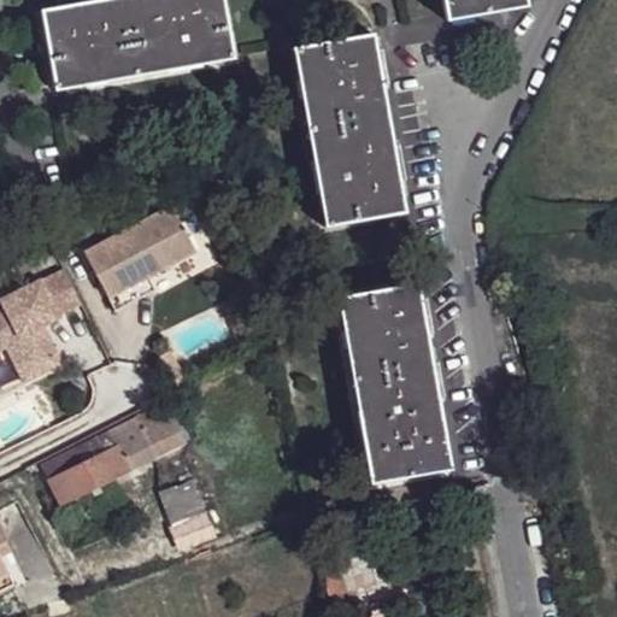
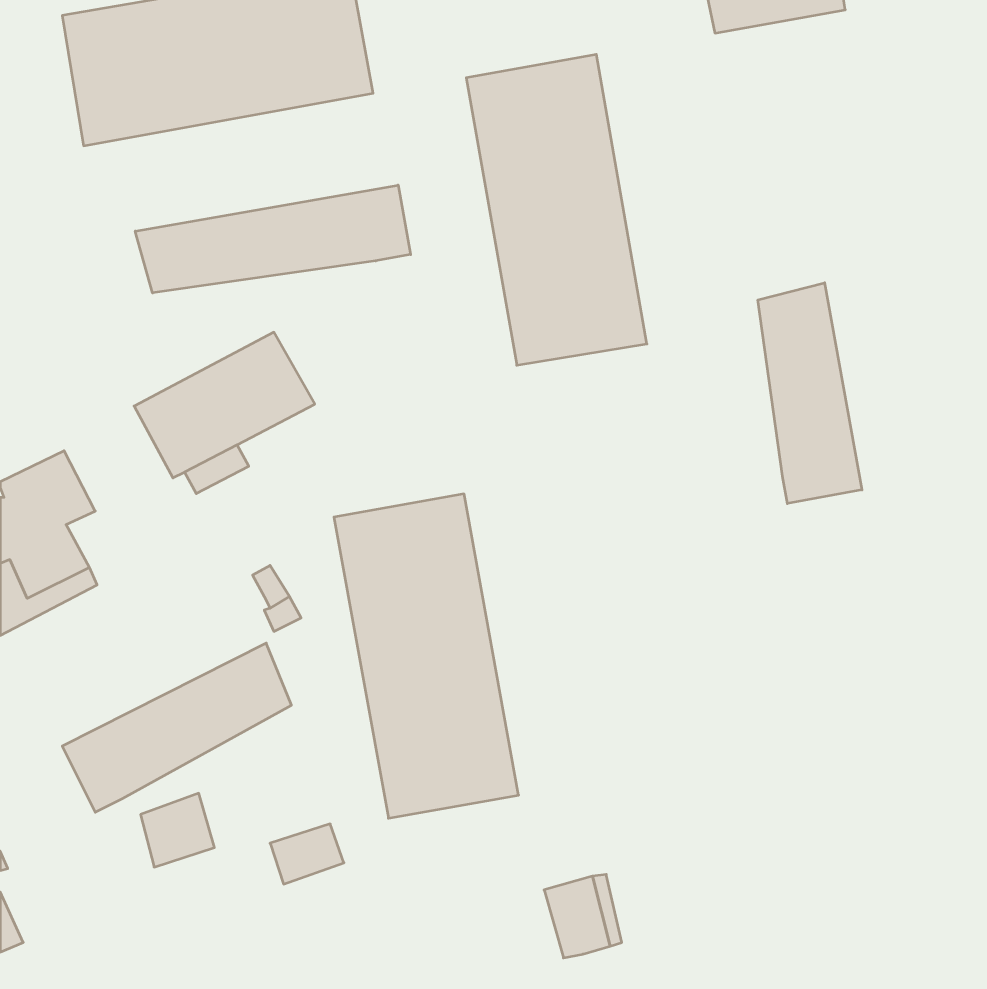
building: none -> [135,185,411,293]
building: none -> [758,283,862,504]
building: [336,282,451,483] -> [334,494,519,818]
building: [163,477,208,523] -> [141,793,214,867]

